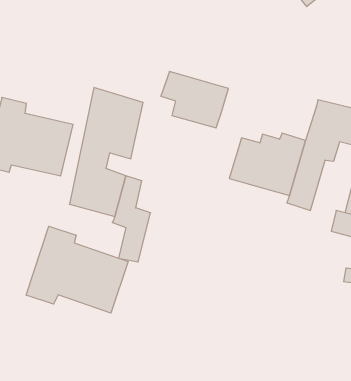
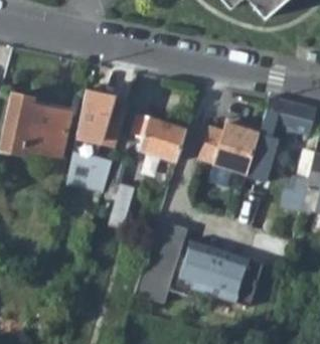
building: [161,71,228,128] -> [130,116,185,162]
building: [26,226,128,313] -> none
building: none -> [133,219,263,308]

